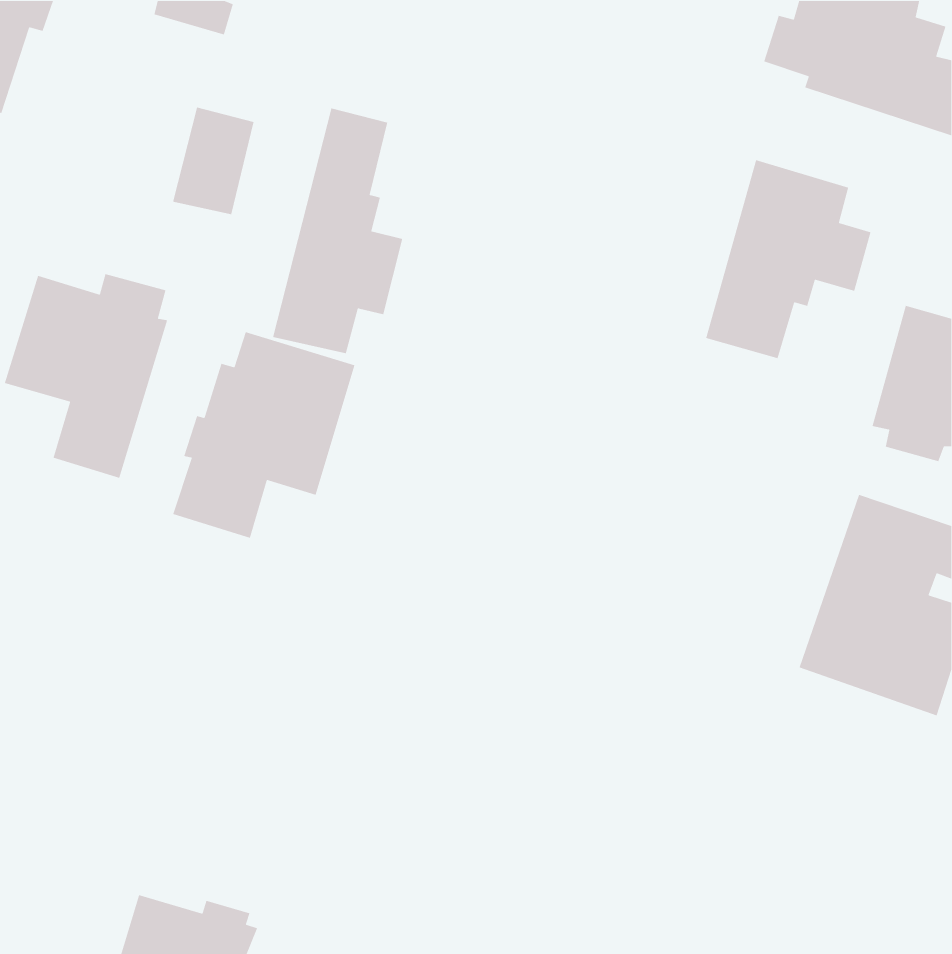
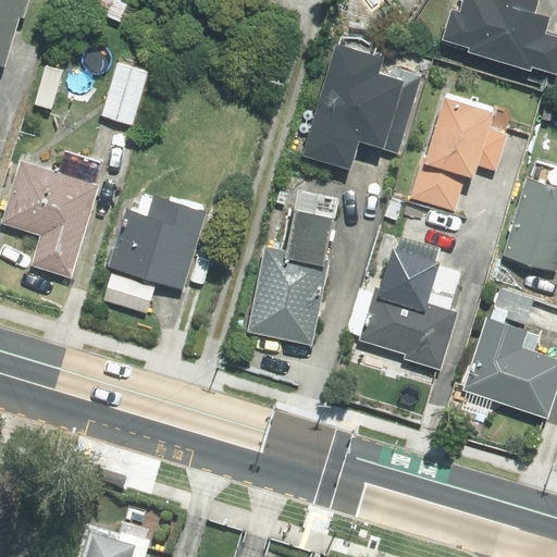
building: none -> [302,40,419,169]
building: [272,108,403,354] -> none
building: none -> [247,170,338,347]
building: none -> [360,249,457,371]

